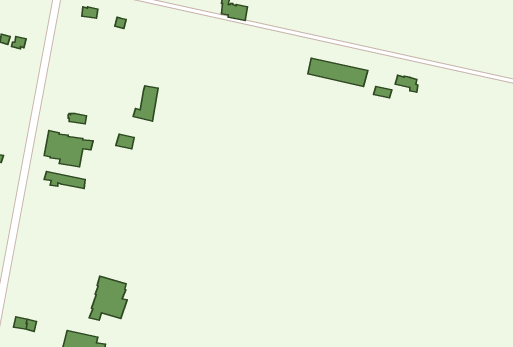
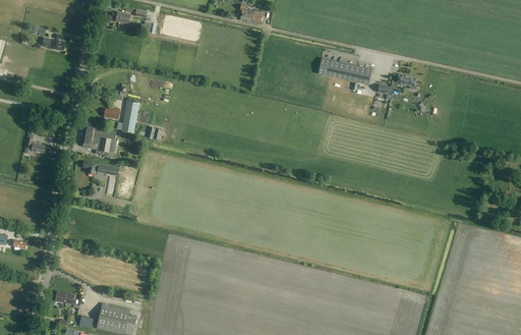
building: [133,86,158,121] -> [116,101,138,132]
building: [89,276,127,320] -> none

